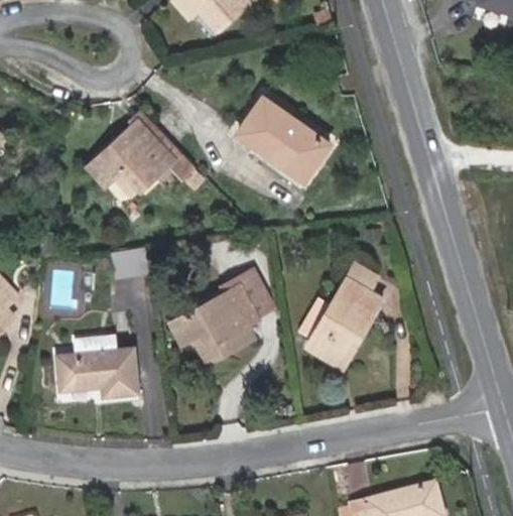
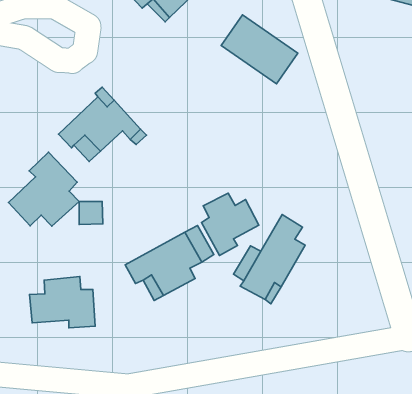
building: [238,99,329,180] -> [221,15,298,84]
building: none -> [9,152,79,226]
building: none -> [201,193,259,256]

